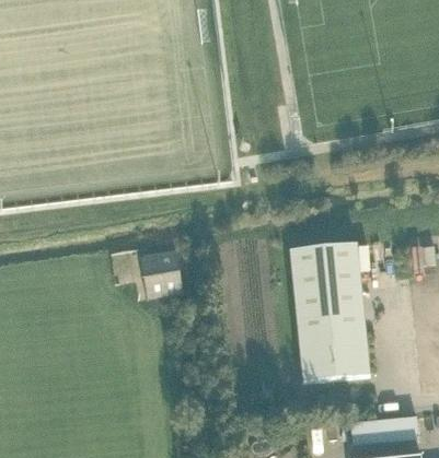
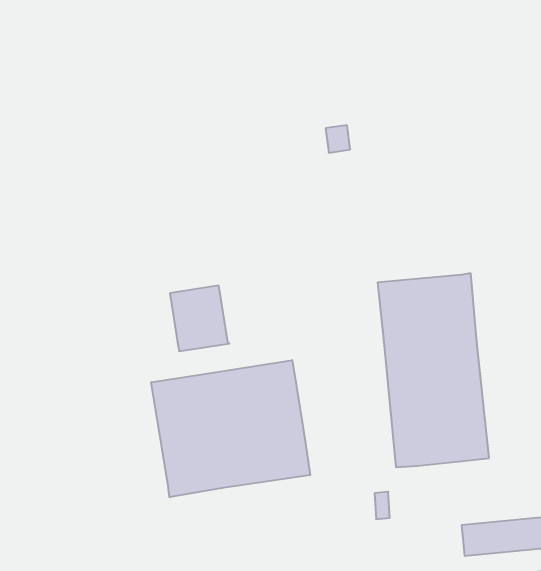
building: none -> [151,360,310,497]

